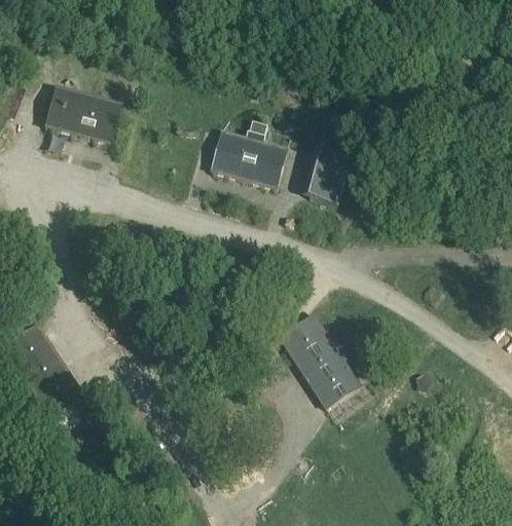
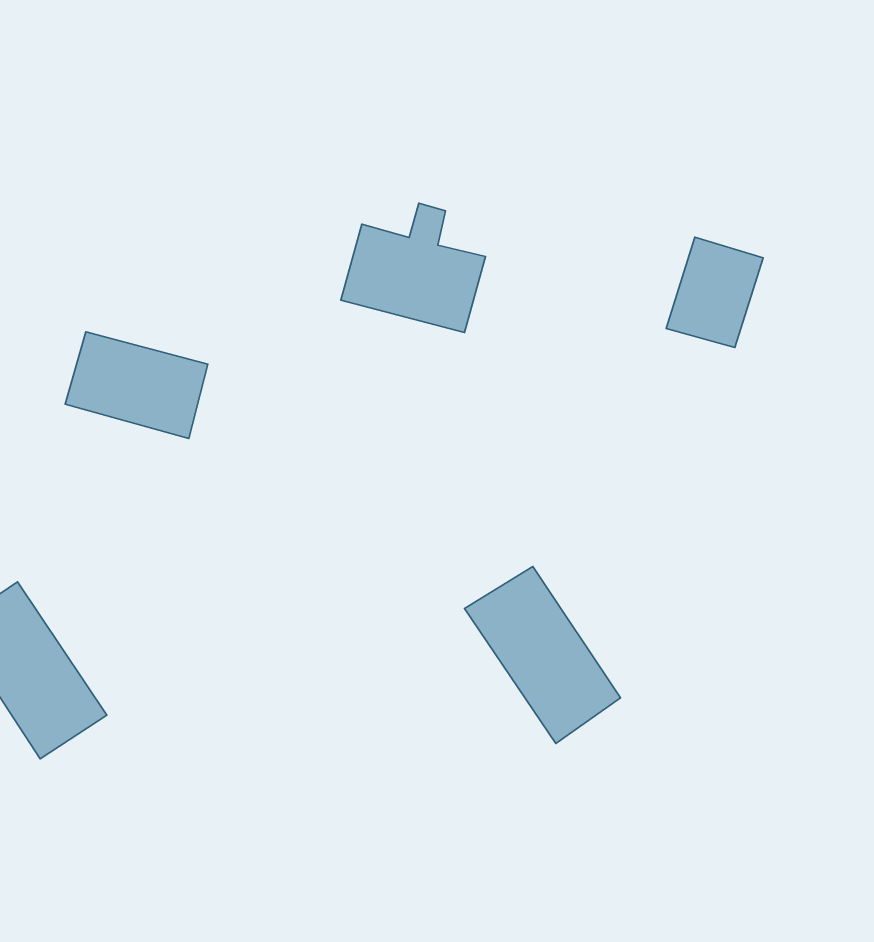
building: [44,85,121,143] -> [65,332,208,438]
building: [300,142,353,201] -> [666,237,763,347]

